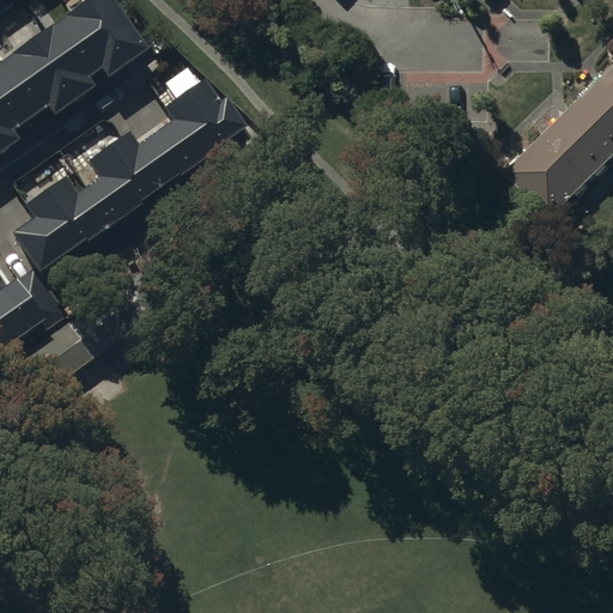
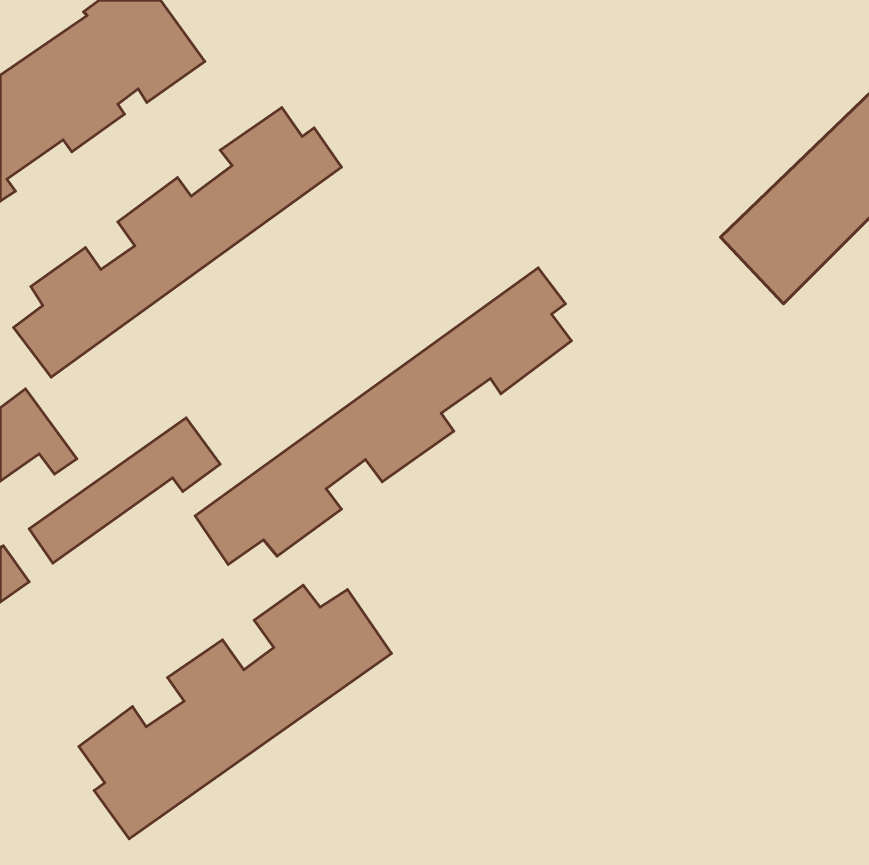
building: none -> [195,268,572,564]
building: none -> [79,585,392,839]

